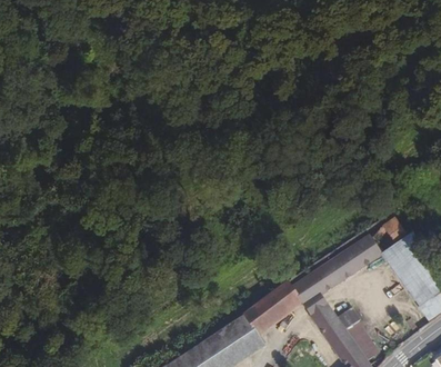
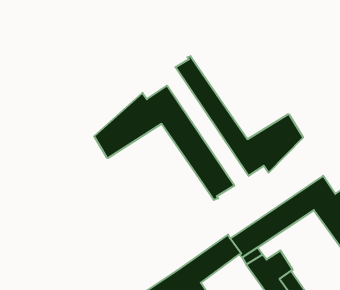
building: none -> [175,56,303,176]
building: none -> [94,86,234,200]

